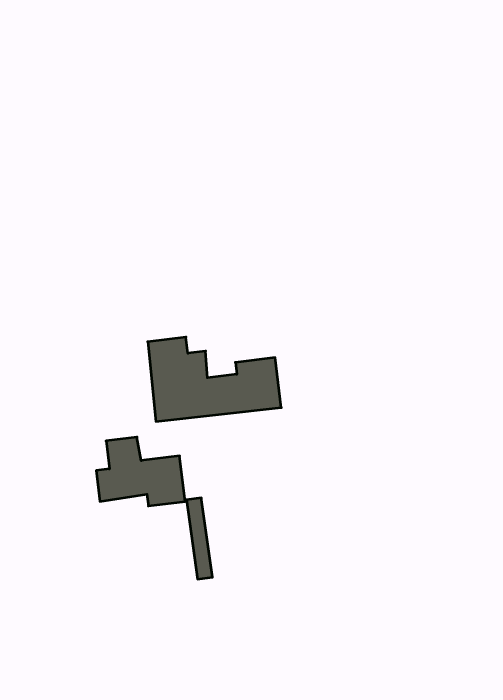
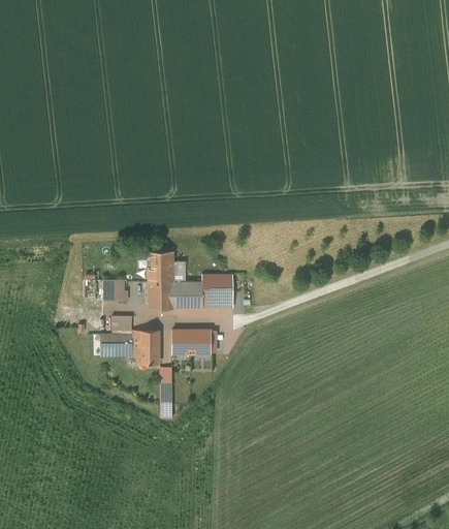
building: none -> [103,280,127,302]
building: none -> [172,330,220,353]

